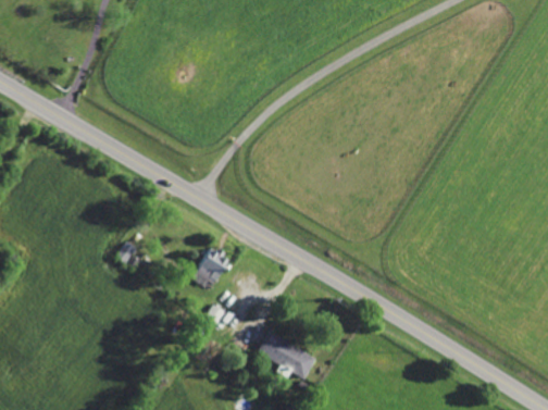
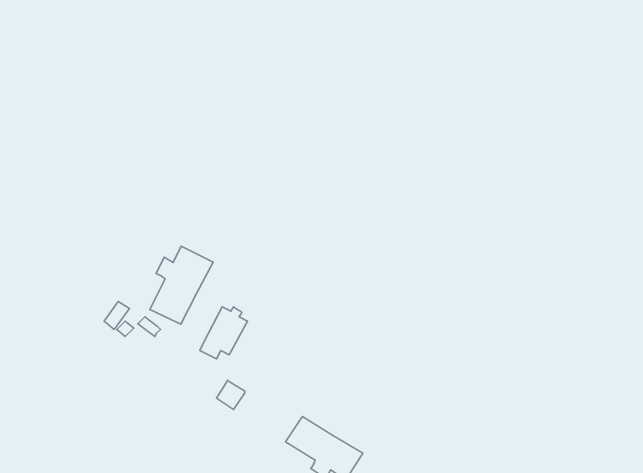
building: none -> [150,246,213,324]

